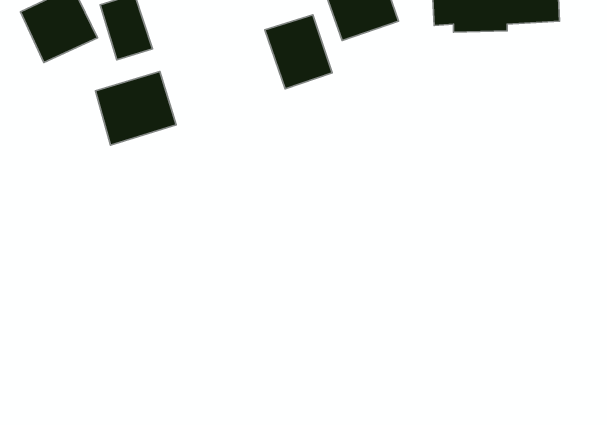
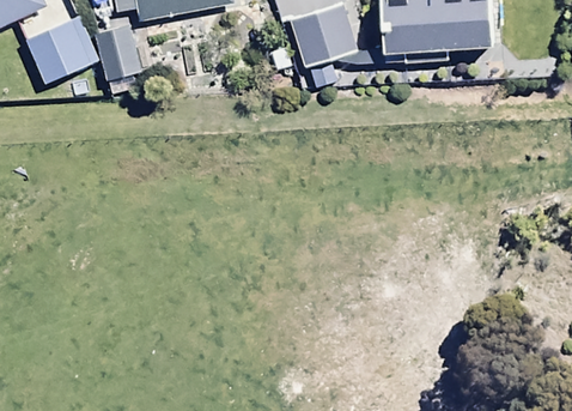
building: [265,15,332,89] -> none
building: [95,71,176,145] -> none

